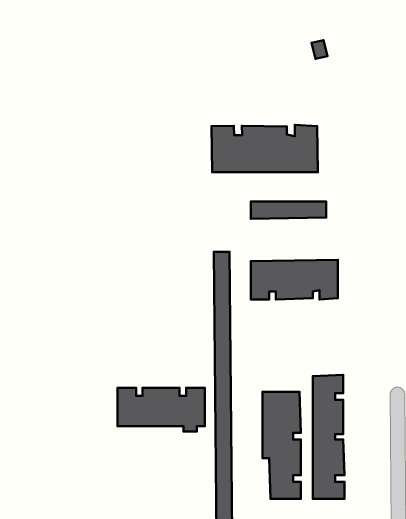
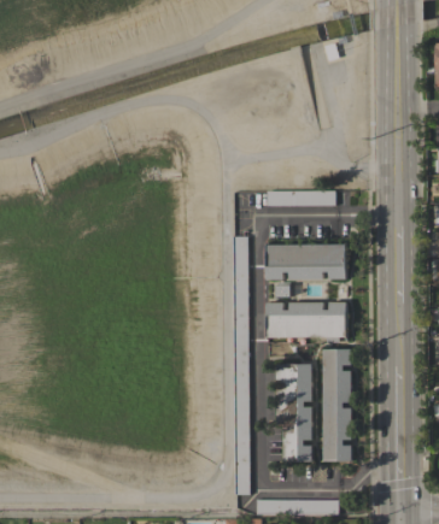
building: [211,125,318,172] -> none
building: [118,388,205,431] -> [267,302,346,342]

